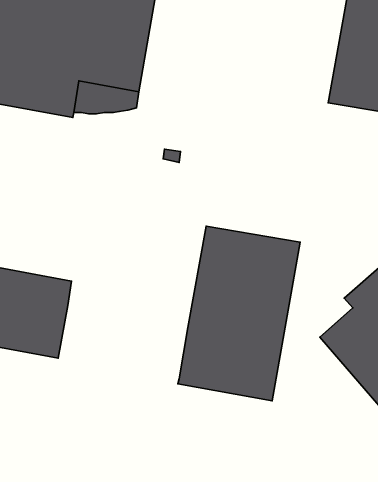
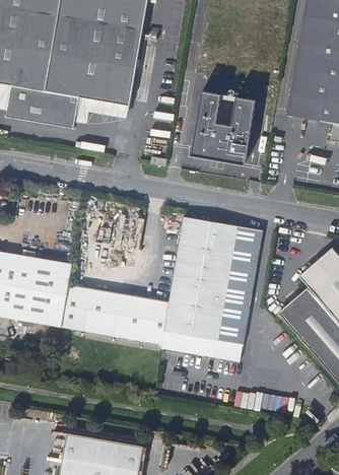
building: none -> [192,90,256,164]
building: none -> [62,283,170,344]

